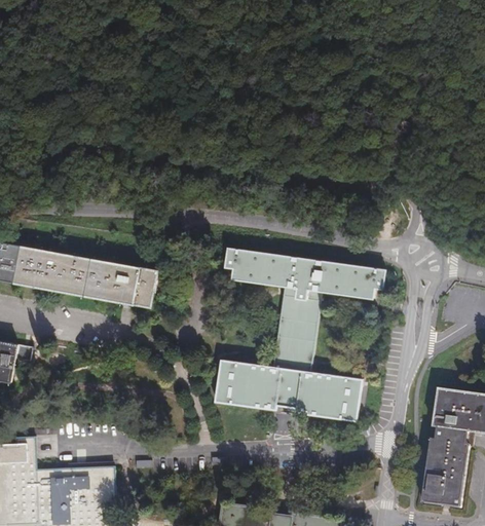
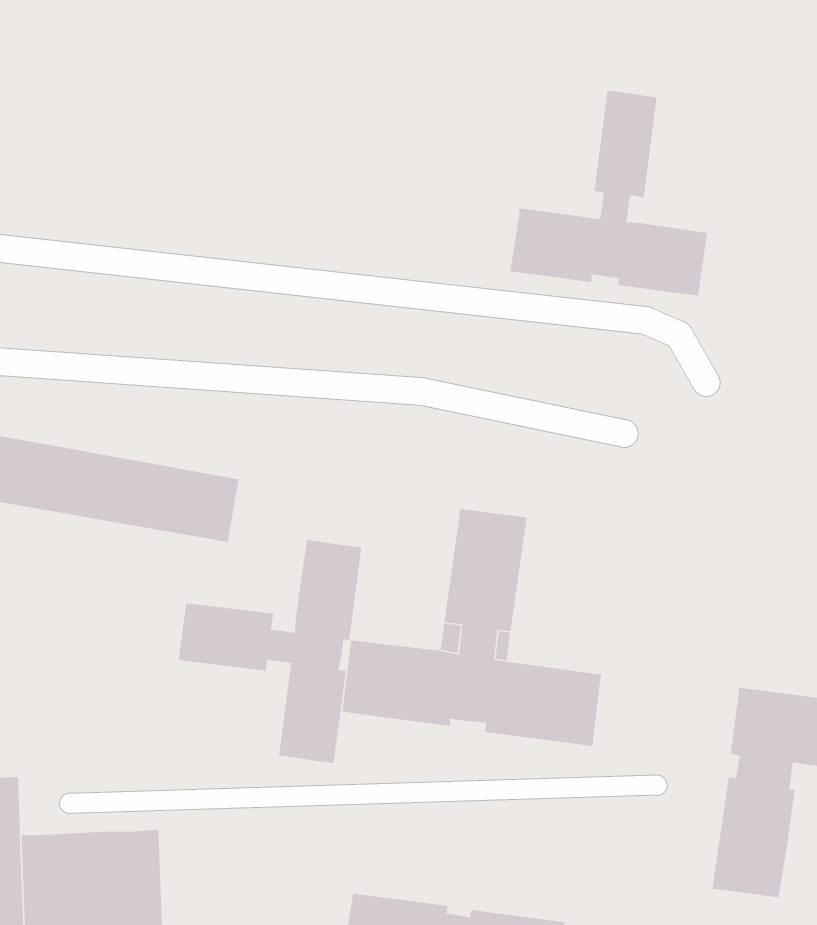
building: none -> [510,90,708,297]
building: [225,248,385,299] -> none
building: none -> [178,539,362,764]

